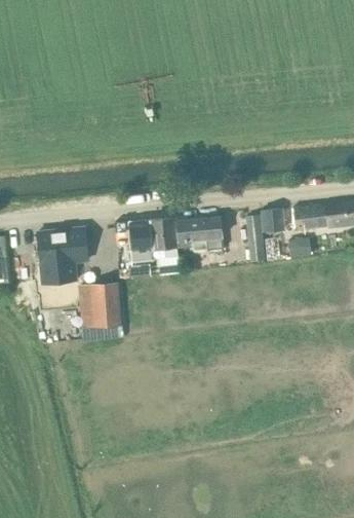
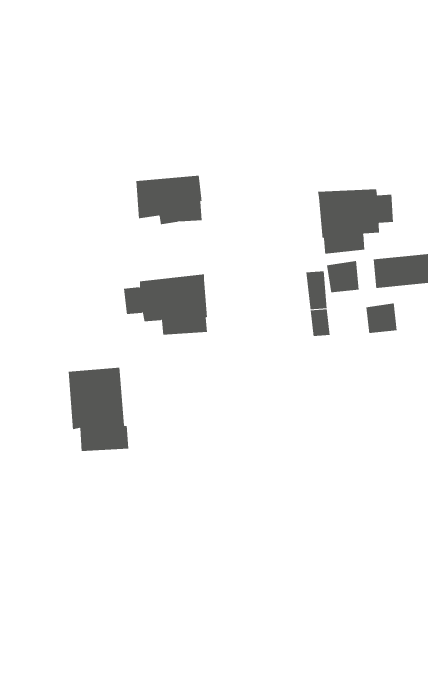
building: none -> [317,188,394,254]
building: [175,217,223,252] -> [135,175,202,225]
building: [37,227,87,288] -> none

